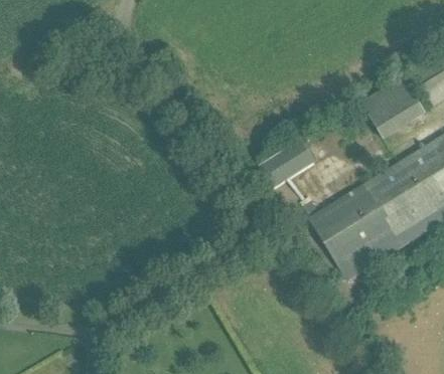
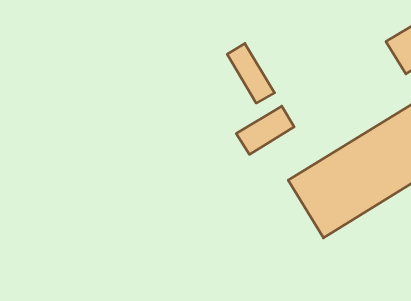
building: none -> [227,43,275,103]
building: [361,75,426,138] -> none

